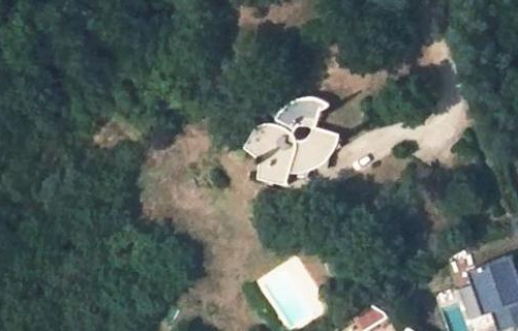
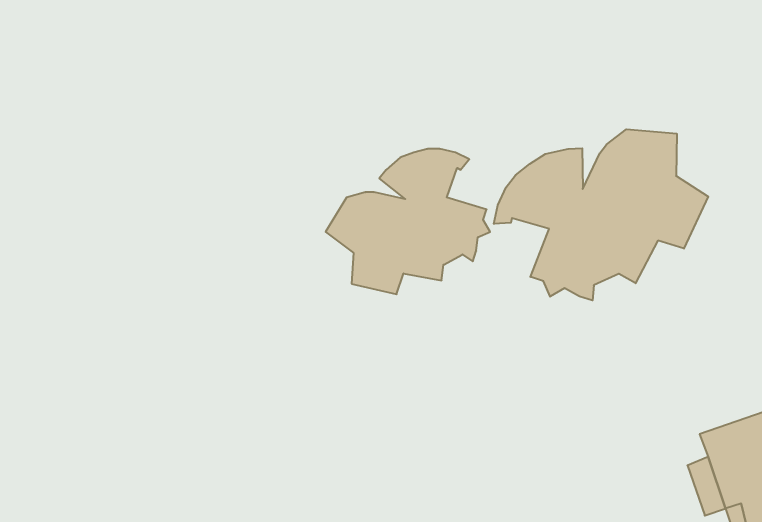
building: none -> [494,129,708,300]

